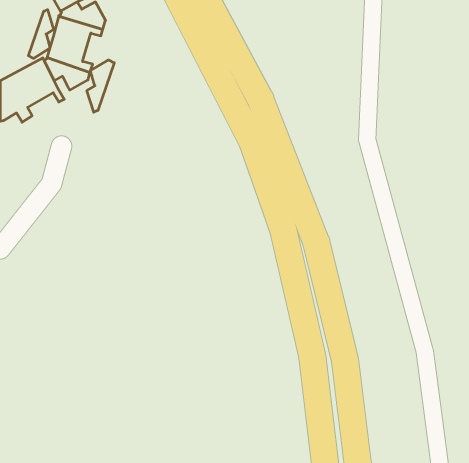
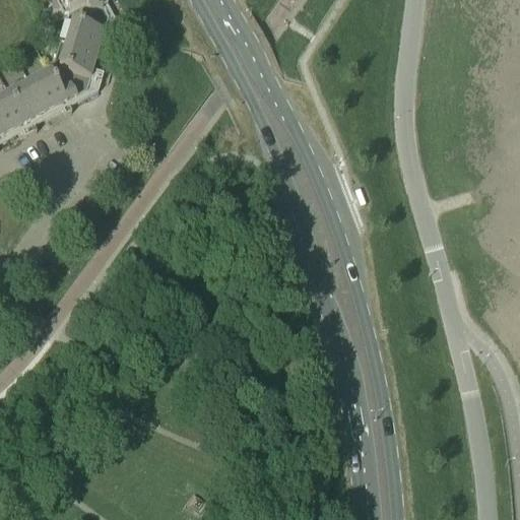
building: [28,10,53,58] -> none
building: [87,60,114,112] -> none

